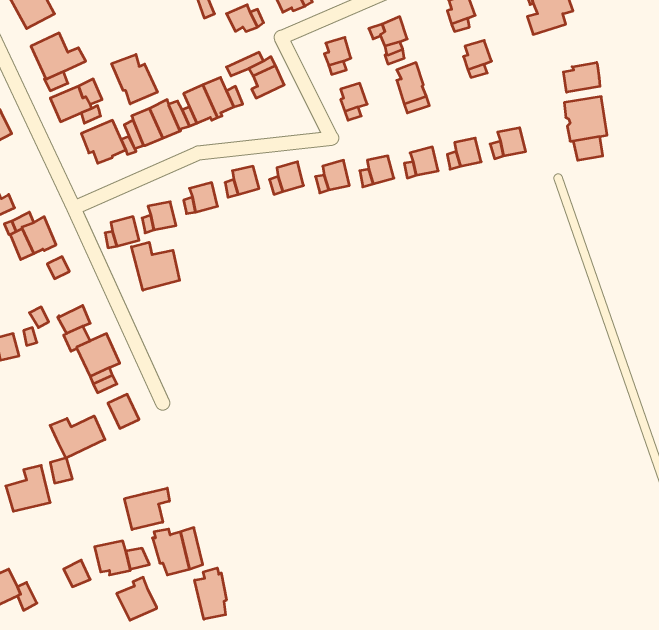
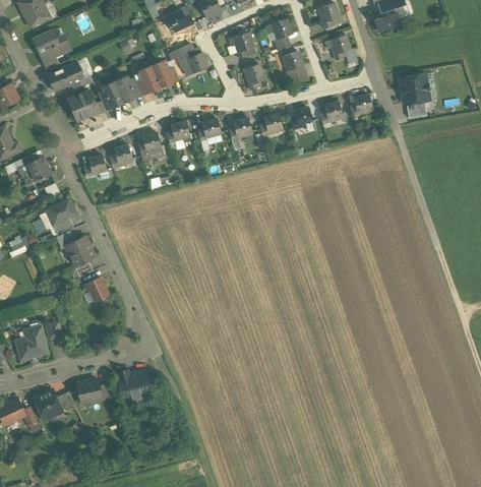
building: [112,54,157,104] -> none
building: [563,62,600,92] -> none
building: [131,242,180,290] -> none
building: none -> [47,199,75,225]
building: [50,416,105,458] -> none
building: [124,488,169,530] -> none
building: [195,568,226,619] -> none
building: [117,577,157,620] -> [35,389,62,419]

